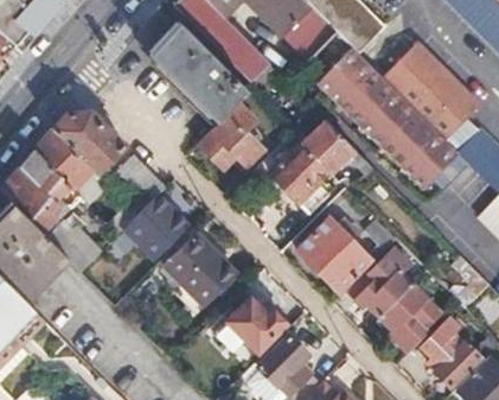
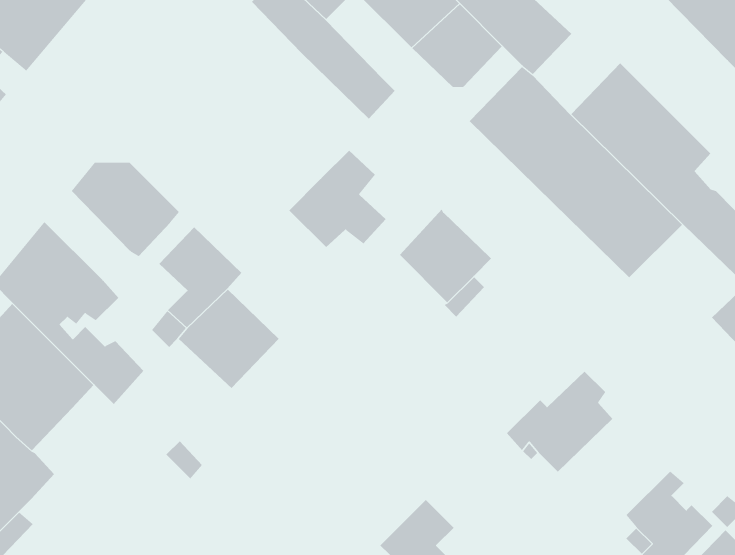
building: [152,21,248,121] -> none
building: [300,119,372,174] -> none
building: [34,129,91,189] -> none
building: [296,217,395,293] -> none
building: [164,237,237,306] -> none
building: [376,281,441,354] -> none
building: [226,297,283,350] -> none

